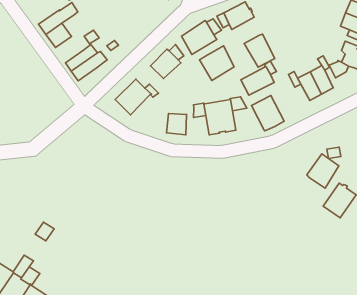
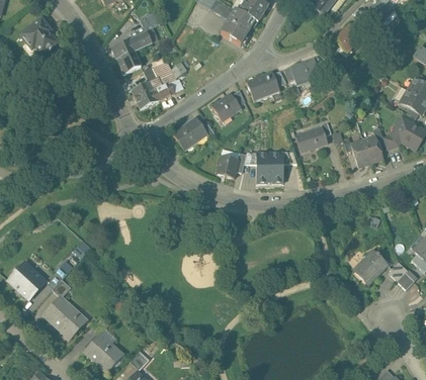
building: [244,34,275,67] -> none
building: [200,46,234,81] -> none
building: [252,96,284,131] -> none
building: [307,154,339,188] -> none

